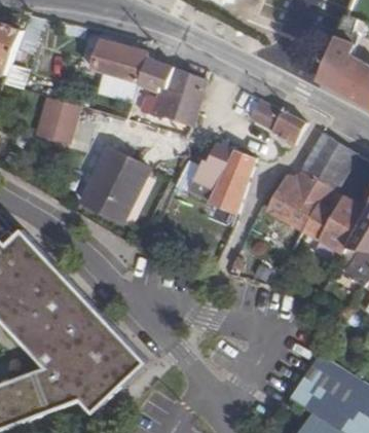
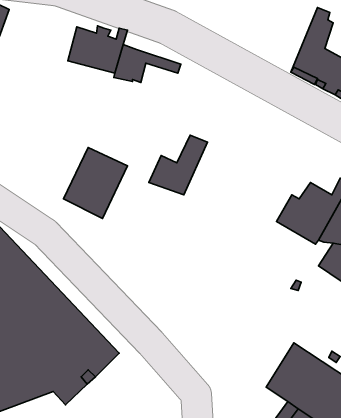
building: [138,72,204,125] -> none
building: [34,97,76,146] -> none
building: [253,101,304,145] -> none
building: [266,134,357,230] -> none
building: [210,151,254,214] -> none

